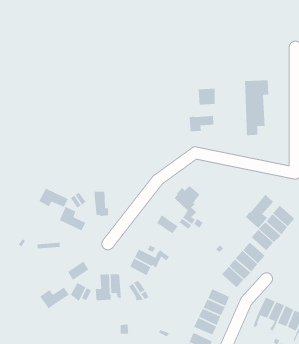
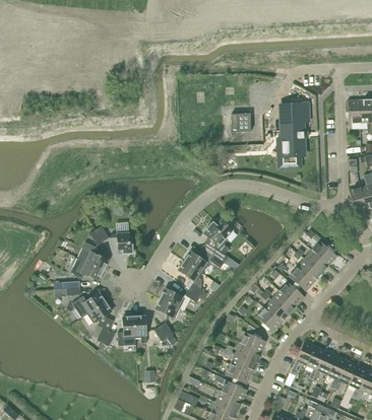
building: [189,115,214,132] -> none
building: [38,188,69,208] -> [69,258,103,280]
building: [245,194,274,229] -> none
building: none -> [178,261,205,297]
building: [39,286,70,310] -> [71,292,105,318]

